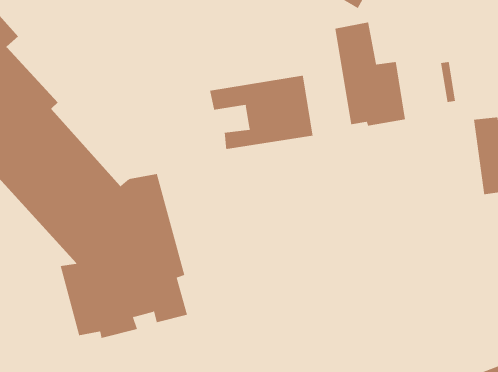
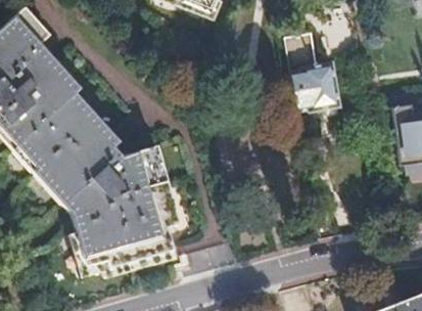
building: [209,75,313,150] -> none

